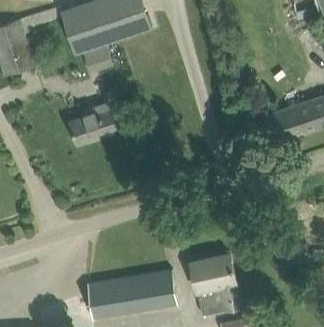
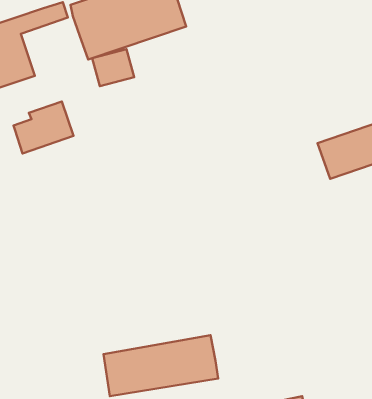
building: [69,103,116,144] -> [14,101,73,153]
building: [190,254,241,315] -> none

